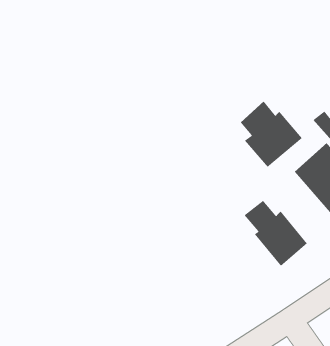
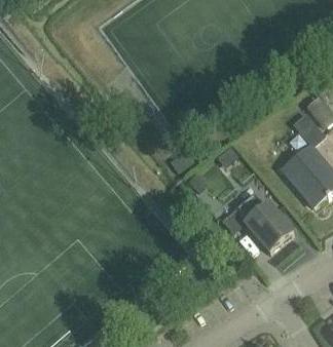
building: [240,101,303,168] -> none

